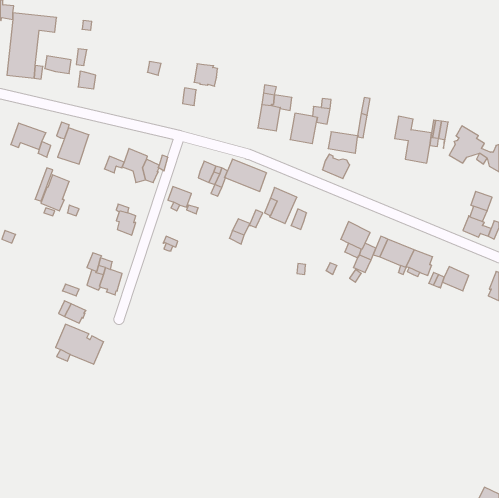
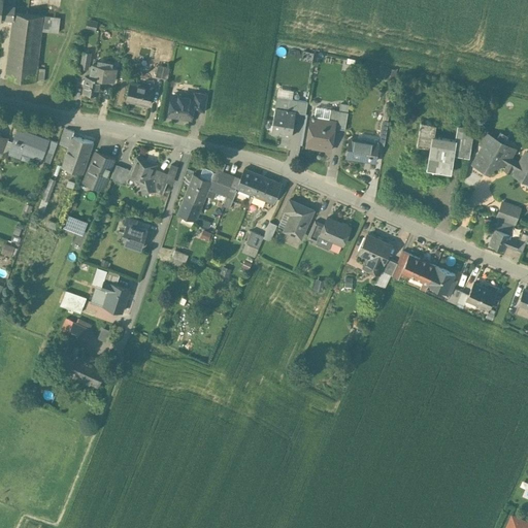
building: [45,56,71,74] -> [90,64,118,82]
building: [194,64,218,86] -> [169,96,194,120]
building: none -> [126,82,154,107]
building: [322,154,350,179] -> [321,219,350,244]
building: none -> [183,174,211,205]
building: [41,175,69,211] -> [84,152,113,190]

